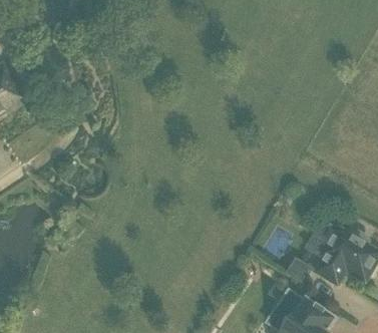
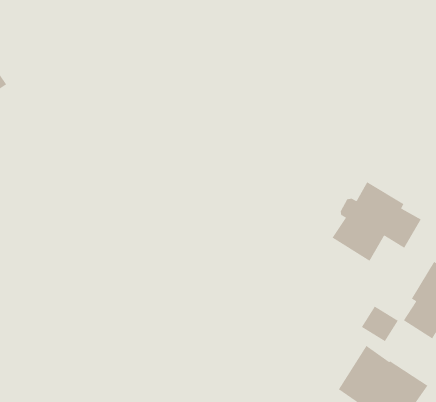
building: none -> [332,181,422,262]

